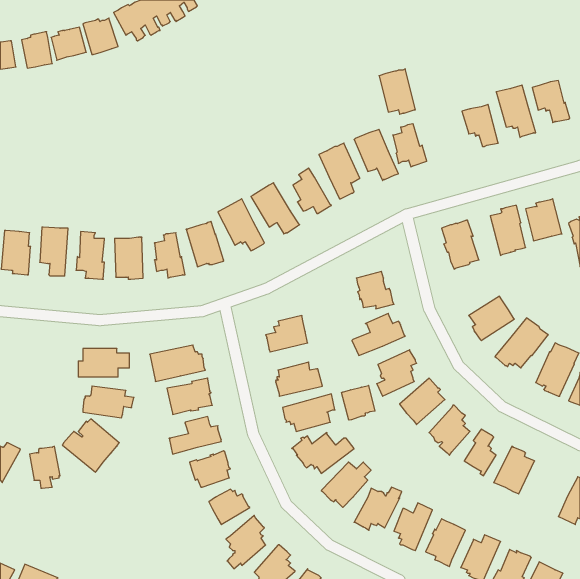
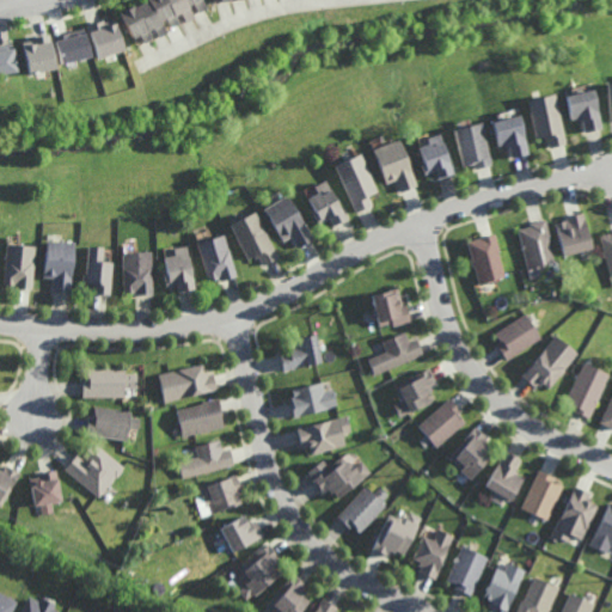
building: [379,69,415,114] -> [449,120,488,167]
building: [341,385,375,420] -> none
building: none -> [549,486,595,543]

